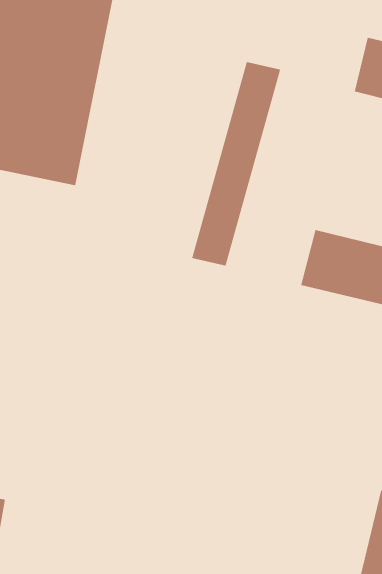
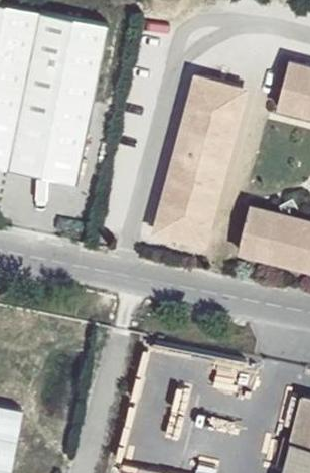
building: none -> [187,93,246,247]

